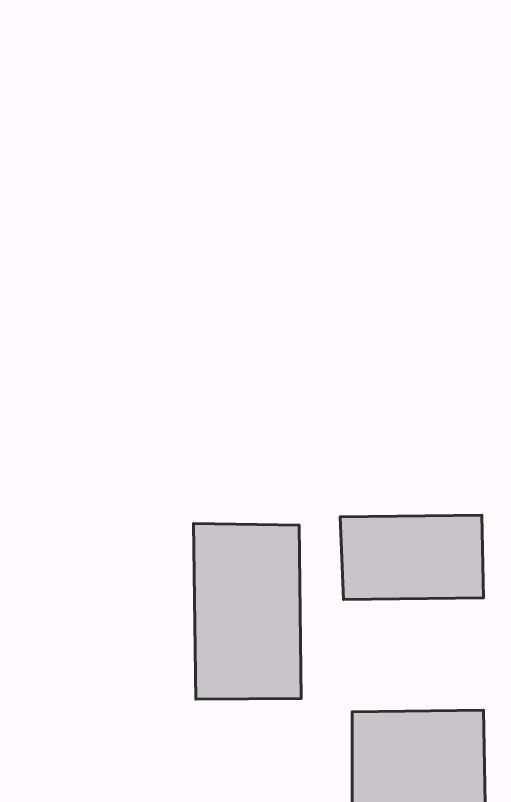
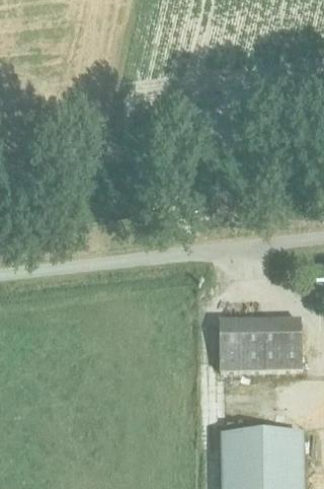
building: [194,524,301,699] -> none

